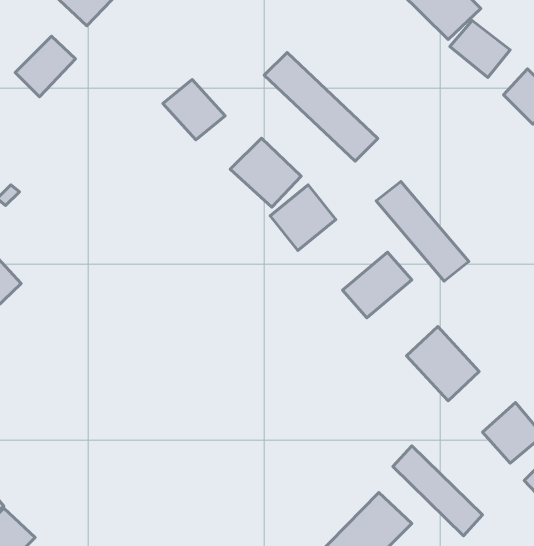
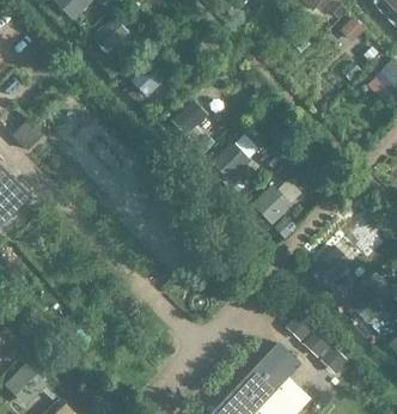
building: [15,36,76,97] -> [92,14,134,56]
building: [264,53,378,161] -> none
building: [376,181,469,281] -> none

